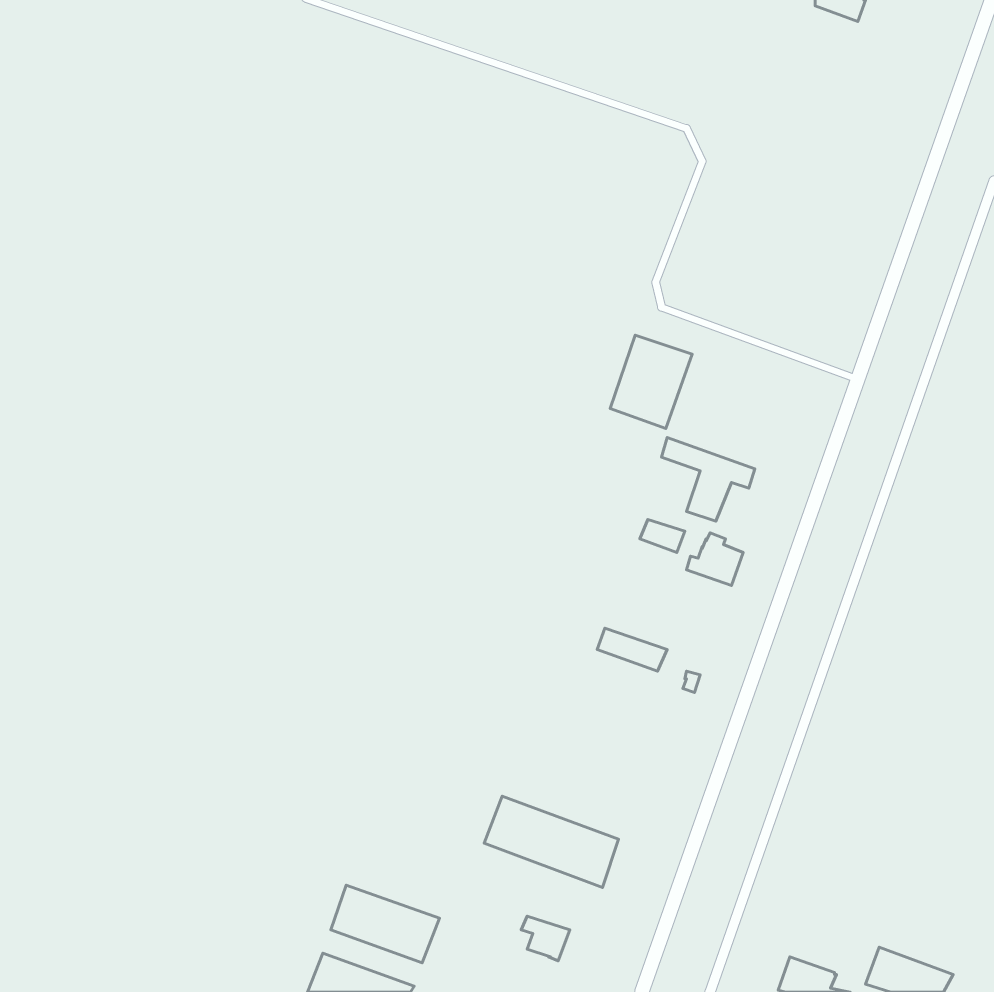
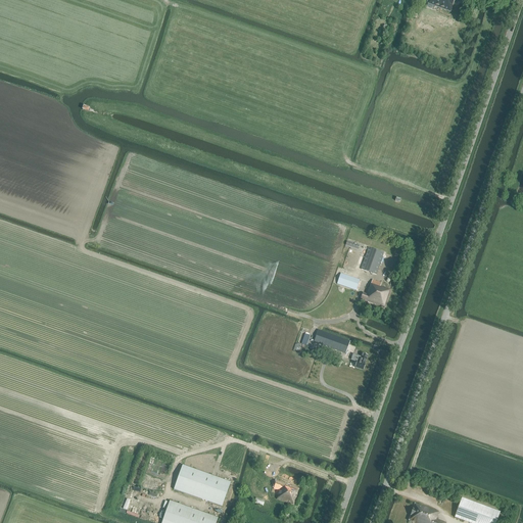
building: [610,335,692,429] -> none
building: [484,796,618,887] -> none

